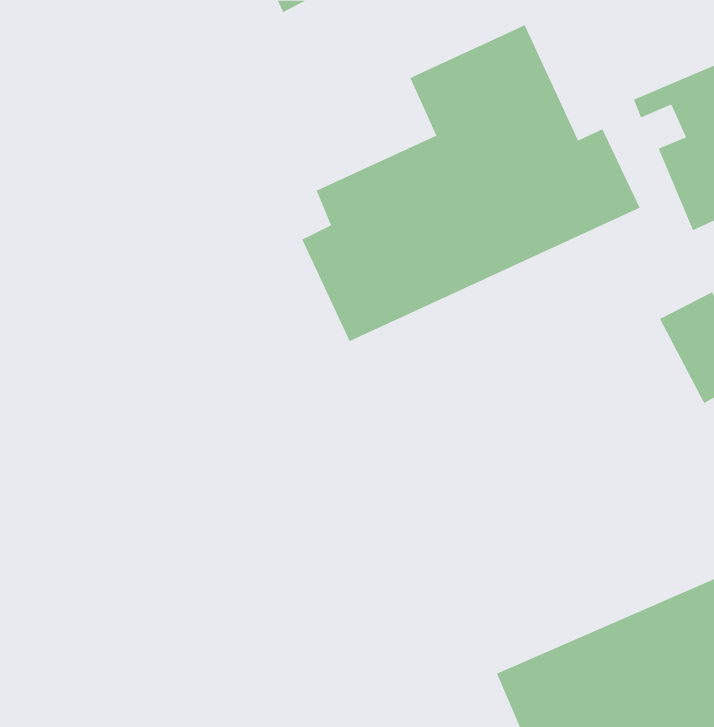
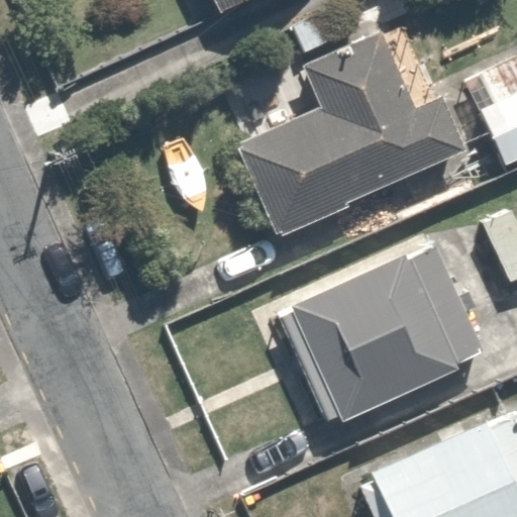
building: none -> [278,242,476,423]

